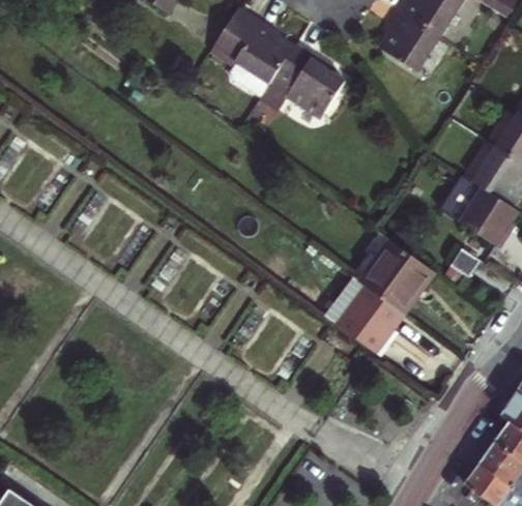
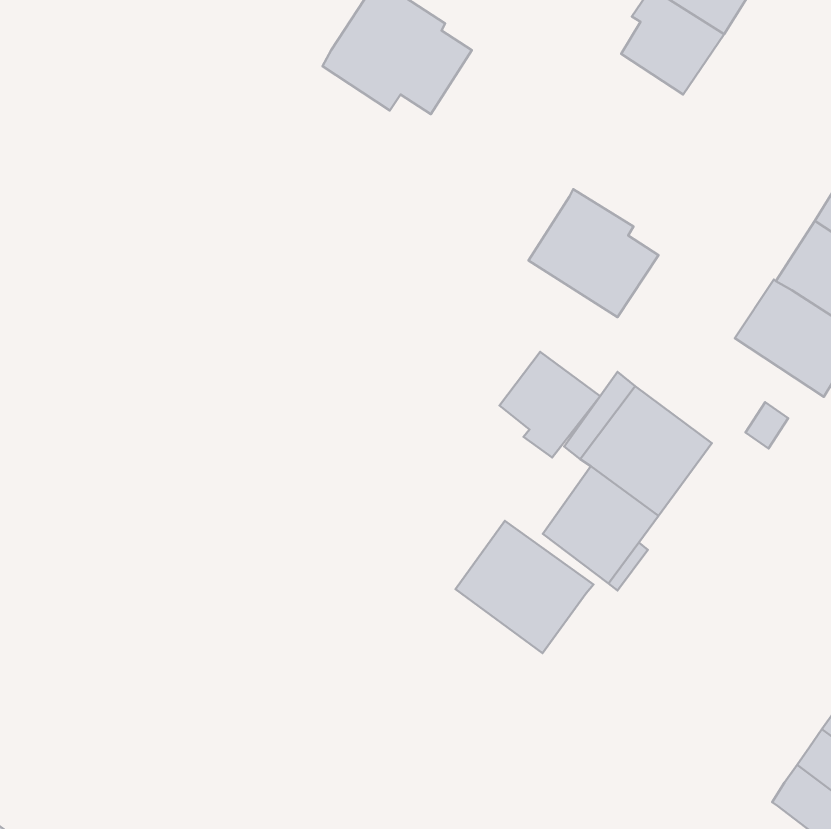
building: [270,41,346,116] -> [529,189,658,317]
building: none -> [500,352,600,457]
building: none -> [456,521,593,653]

